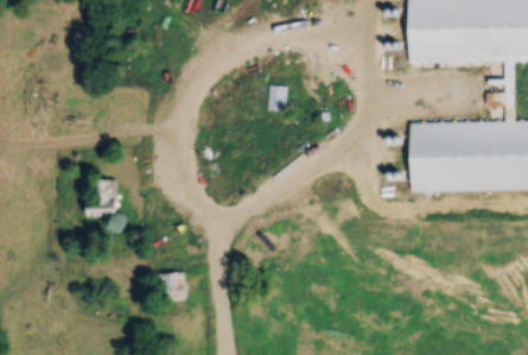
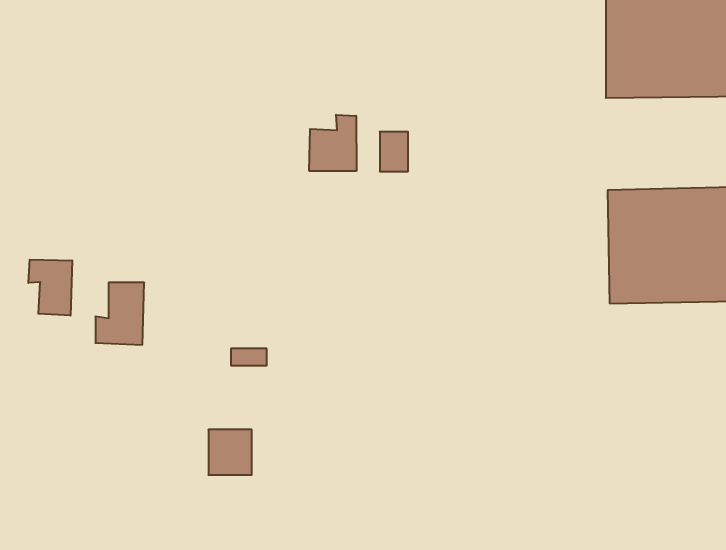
building: none -> [309,115,356,171]
building: none -> [28,260,72,316]

